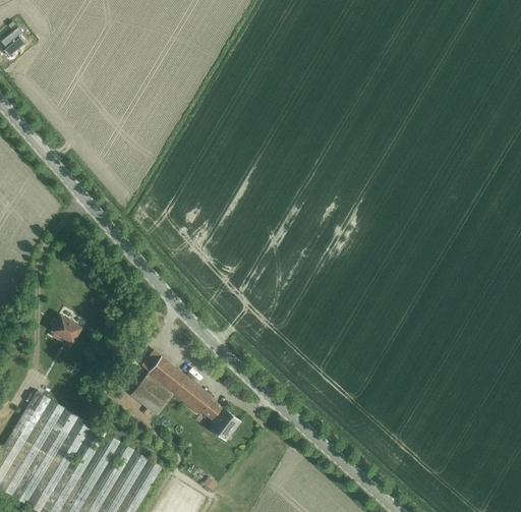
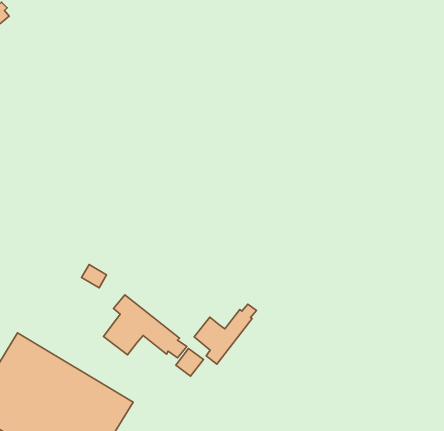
building: [52,317,79,342] -> [82,265,107,288]
building: none -> [194,304,257,364]

